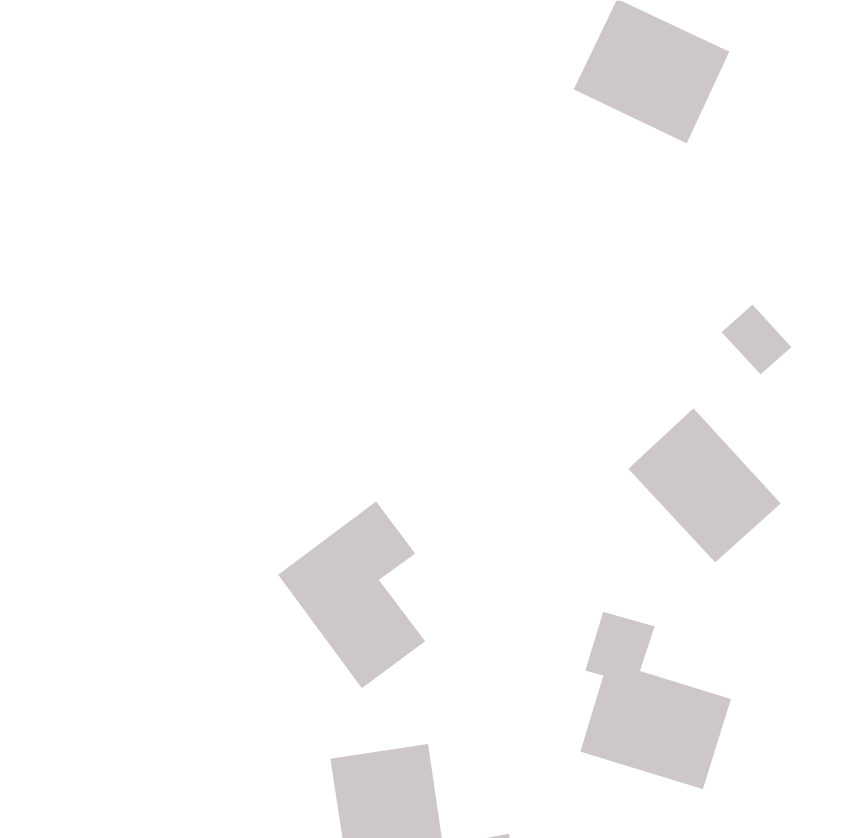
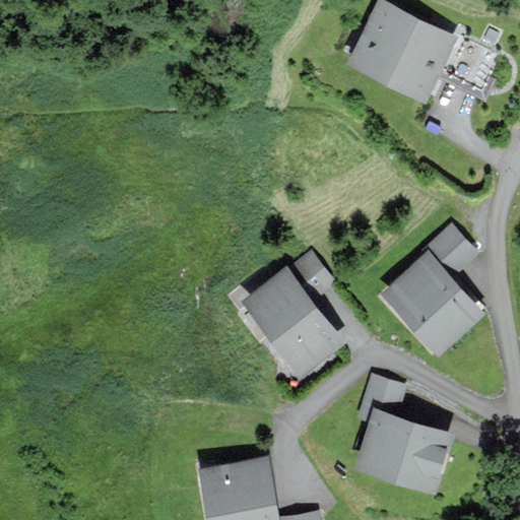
building: [721,304,792,375] -> [429,230,472,273]
building: [277,500,426,689] -> [246,256,337,372]

